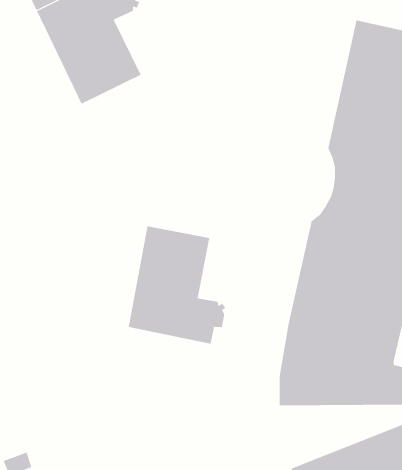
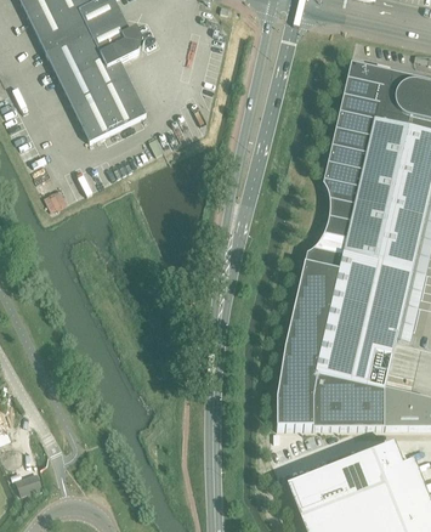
building: [128,225,226,344] -> none

